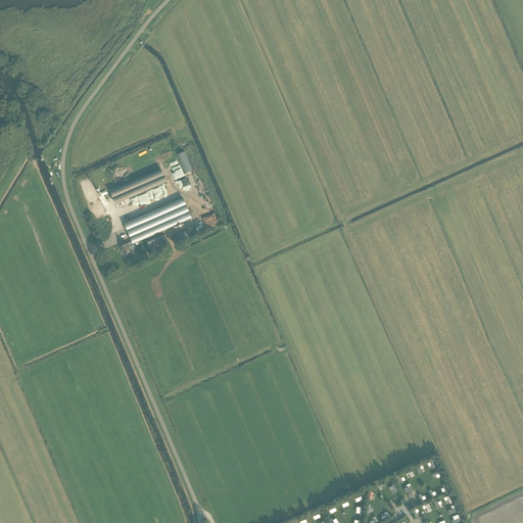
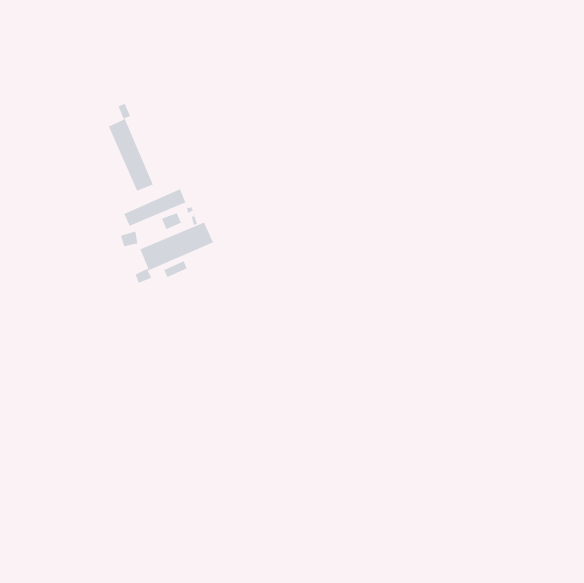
building: none -> [108,103,153,192]

